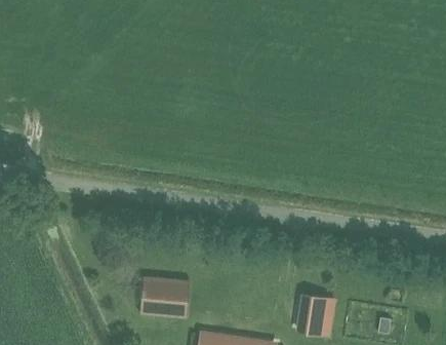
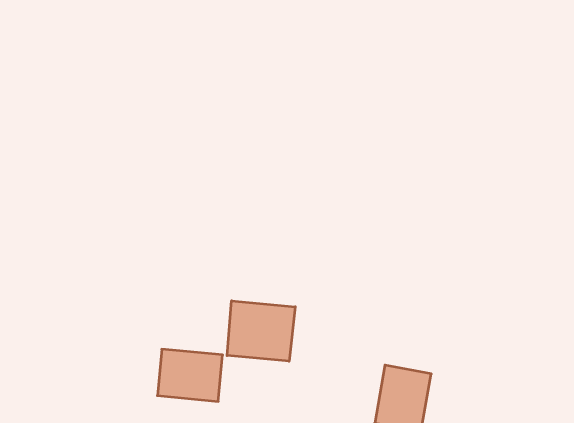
building: none -> [227,301,295,361]

